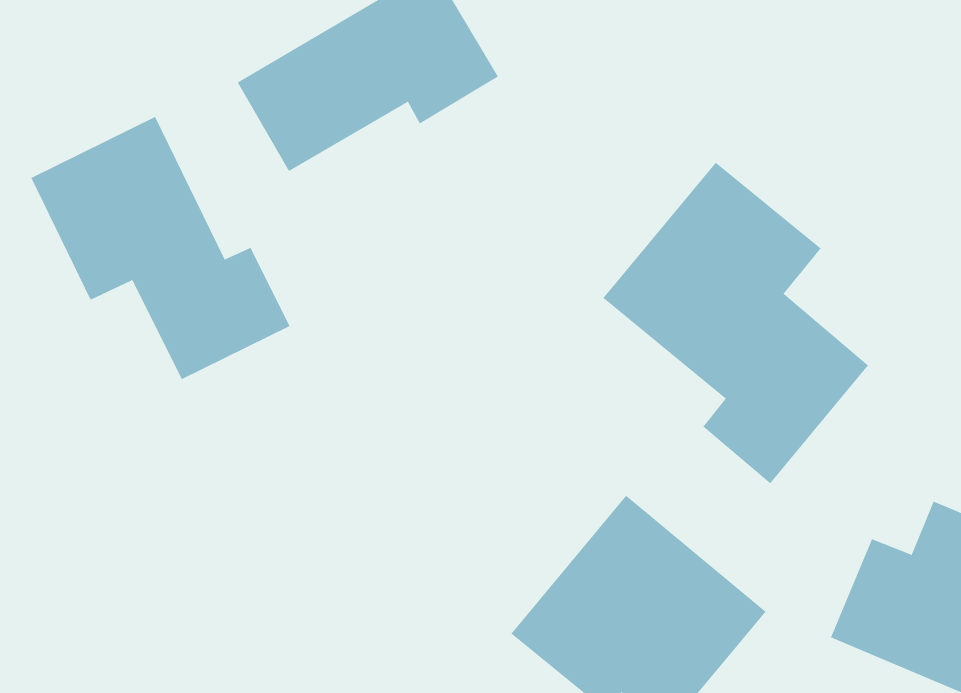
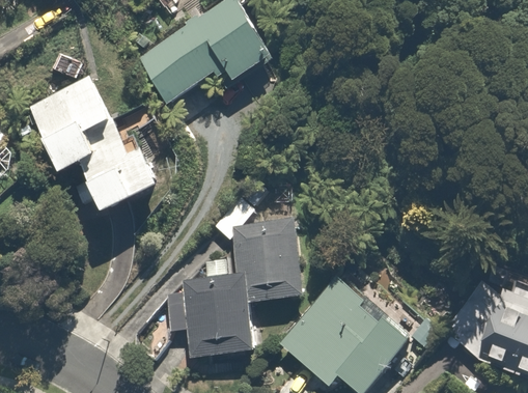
building: [602,162,869,484] -> none
building: none -> [169,224,299,357]

